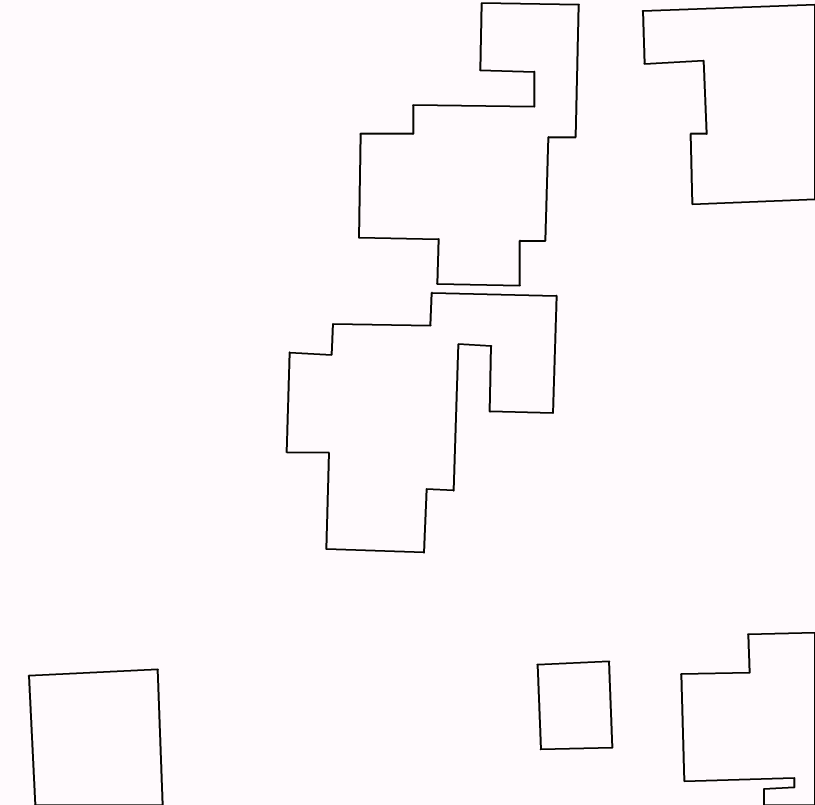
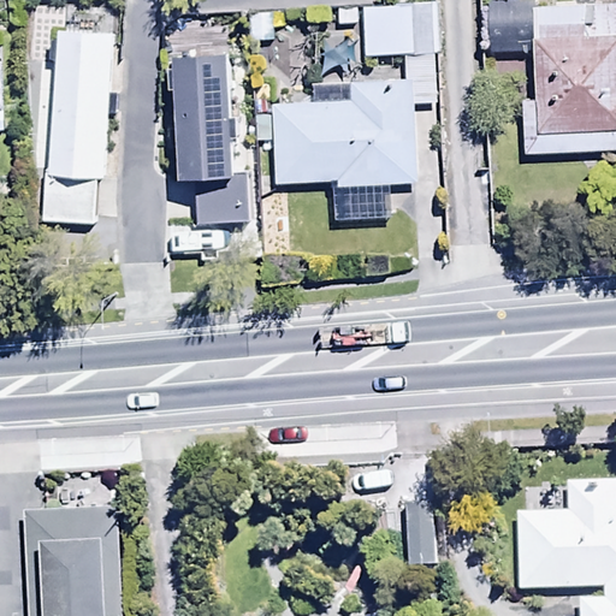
building: none -> [45,29,112,219]
building: none -> [174,55,247,220]
building: [287,293,556,553] -> none

